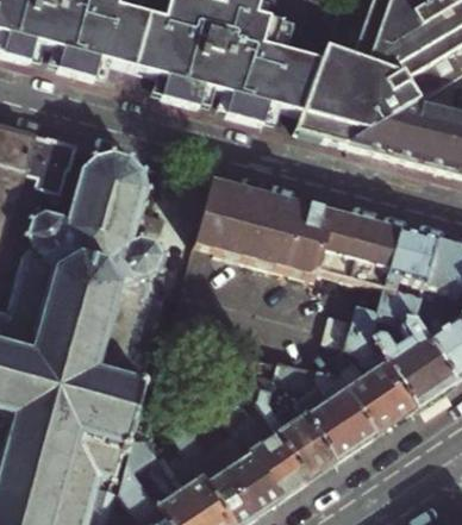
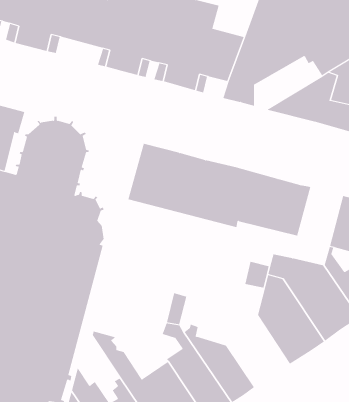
building: [338,82,414,143] -> none
building: [381,231,438,320] -> none
building: [293,368,377,460] -> none

